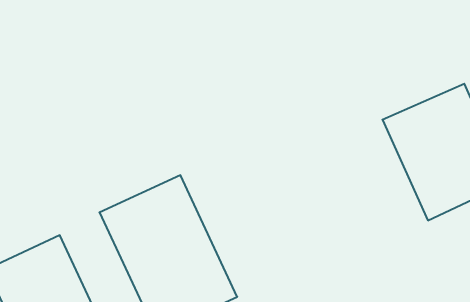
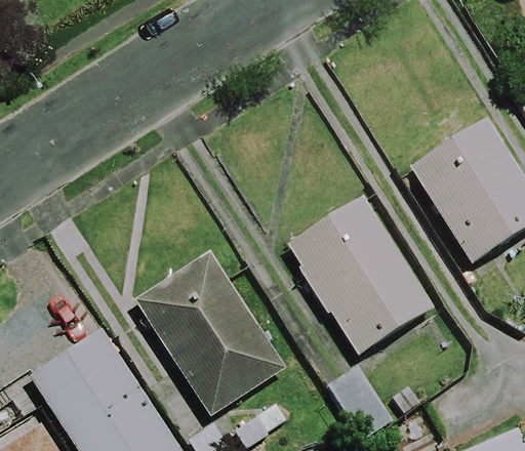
building: none -> [286,197,433,355]

